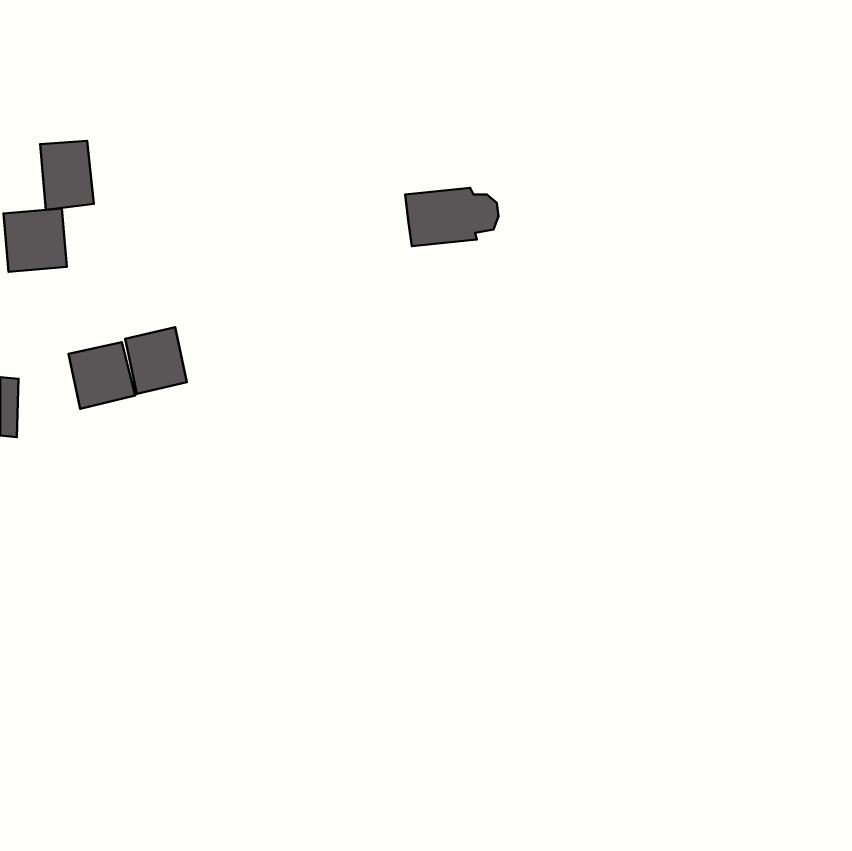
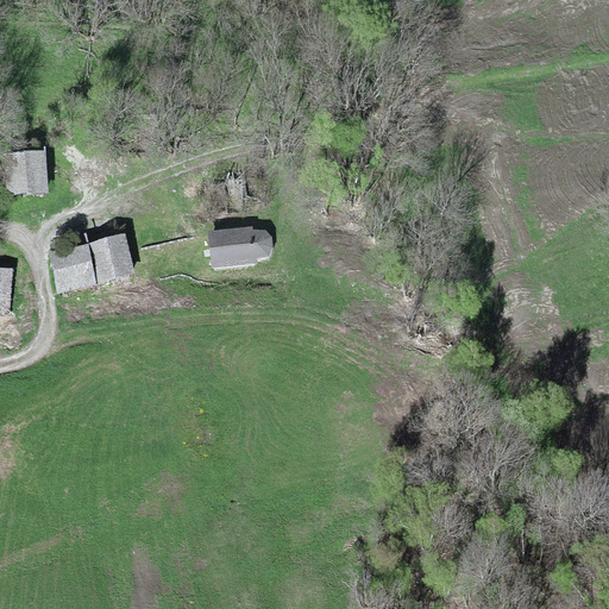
building: [40,141,94,210] -> none
building: [405,188,499,246] -> [206,225,272,266]

